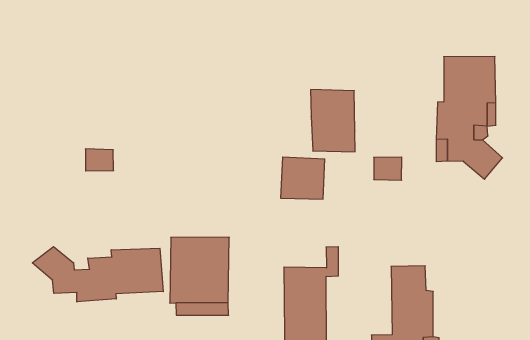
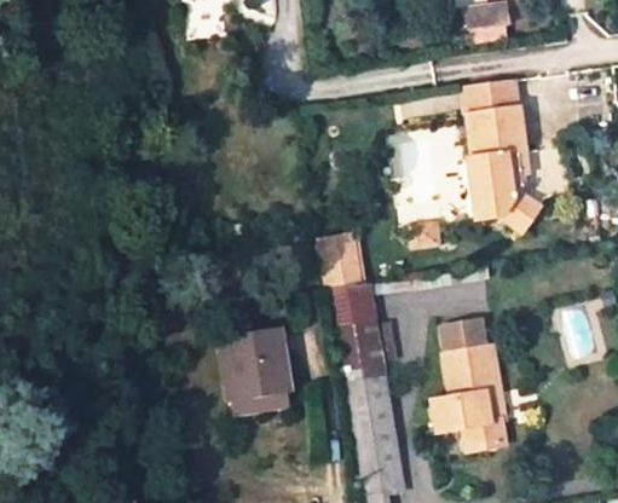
building: none -> [461,80,514,116]
building: [311,90,355,152] -> [327,284,381,351]
building: [32,247,163,302] -> none

